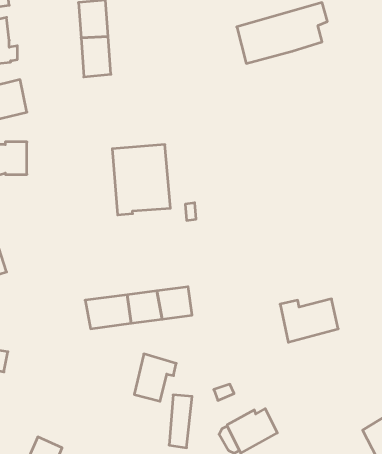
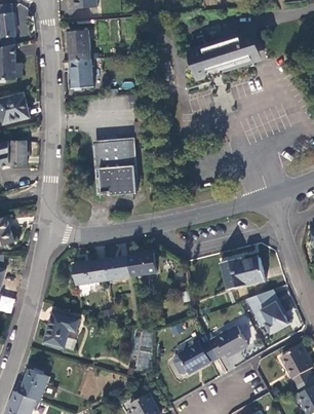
building: none -> [245,290,287,333]
building: [134,354,176,401] -> [48,304,80,340]
building: none -> [207,326,247,360]

